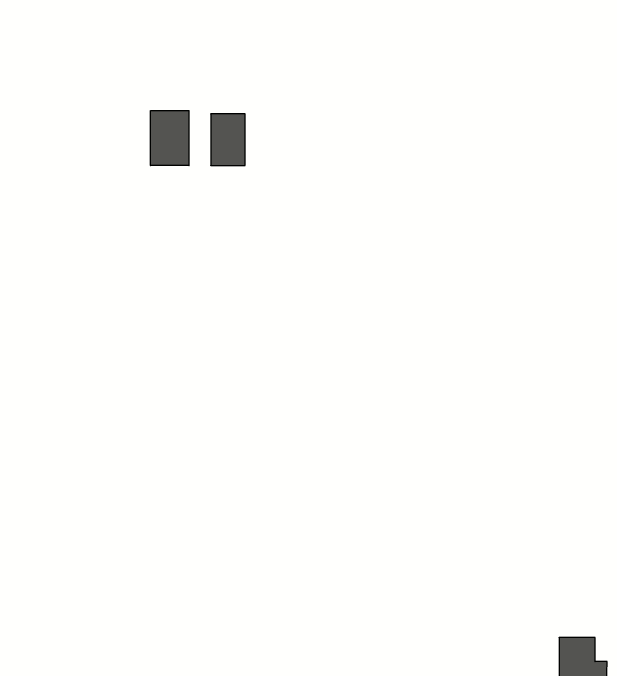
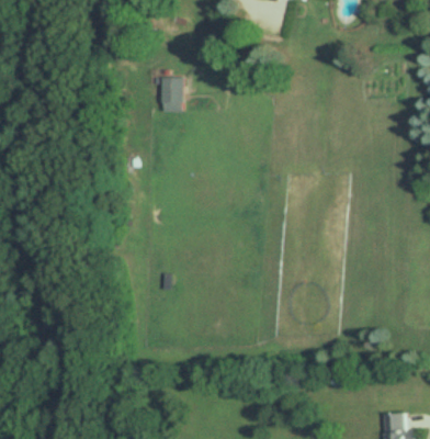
building: [151,111,189,166] -> none

